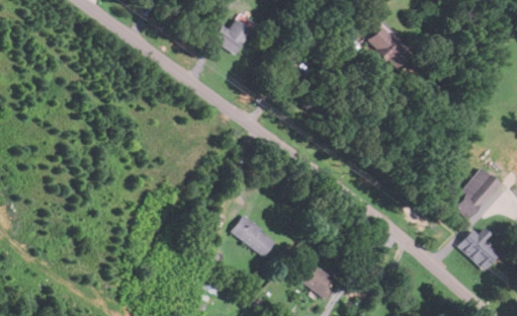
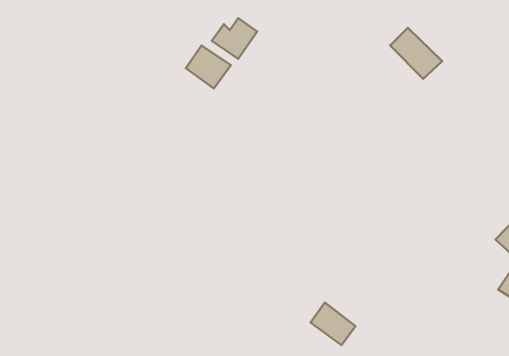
building: none -> [186,46,231,88]
building: [232,216,277,257] -> none

